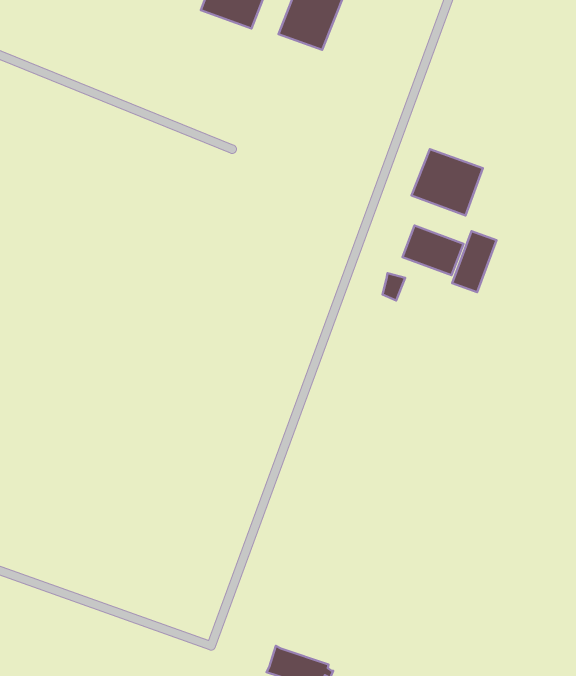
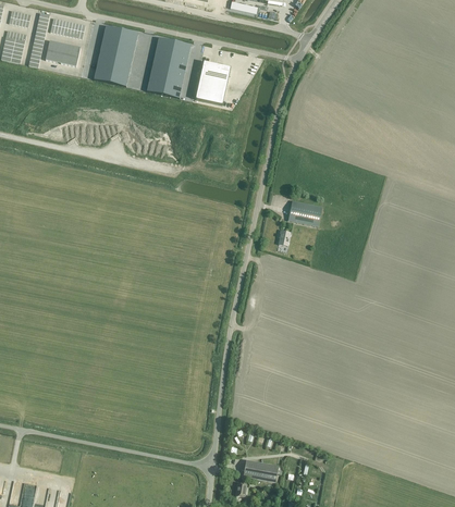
building: [411,149,483,216] -> none
building: [452,231,497,292] -> none

